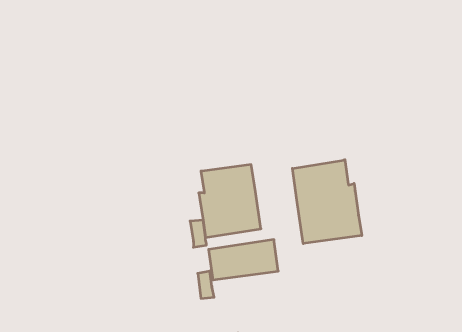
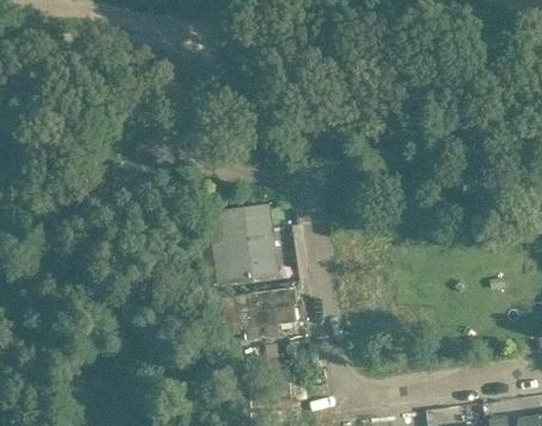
building: [292,160,362,244] -> none

